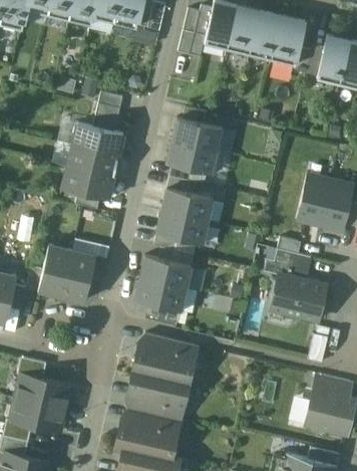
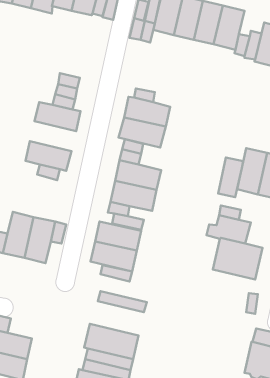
building: [67,145,118,178] -> none
building: none -> [218,157,243,197]
building: [133,343,194,383] -> none

